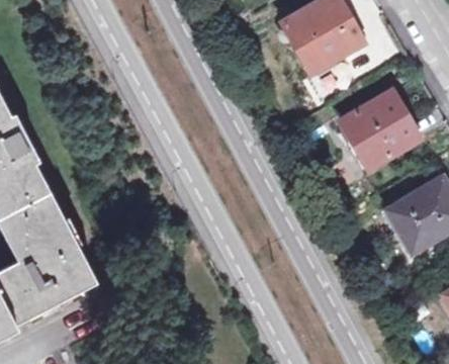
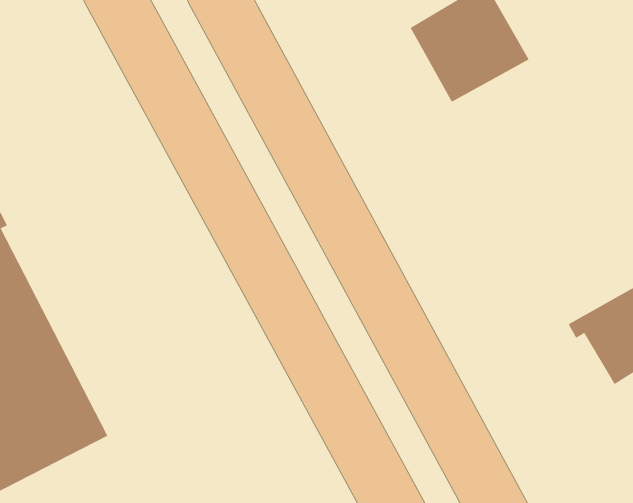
building: [340,95,418,170] -> none

